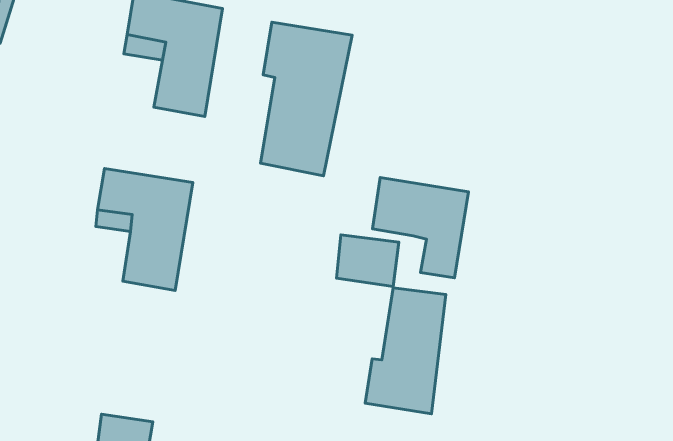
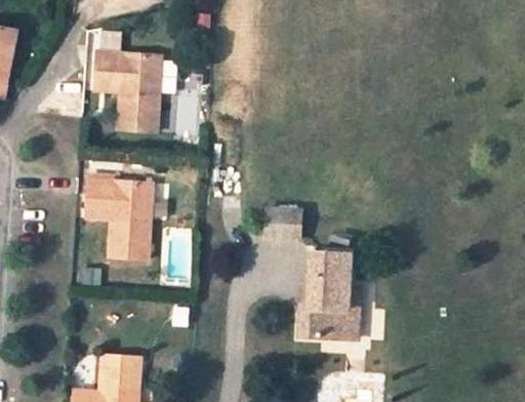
building: [260,22,352,176] -> none
building: [373,177,468,278] -> none

